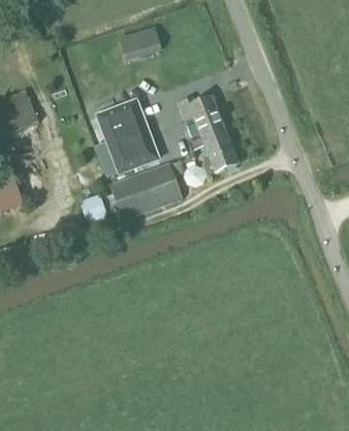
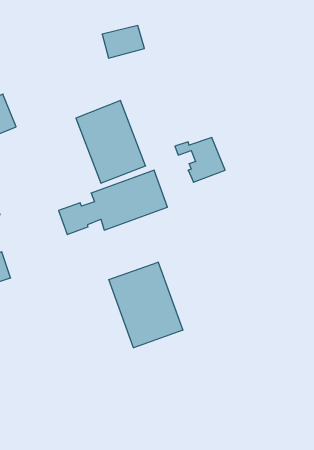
building: [178,96,224,139] -> none
building: none -> [109,262,183,348]

